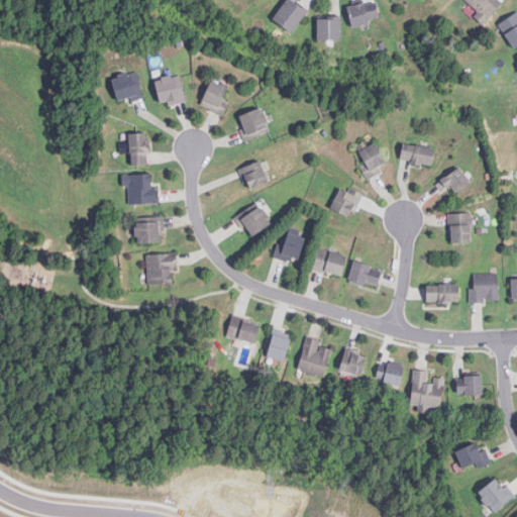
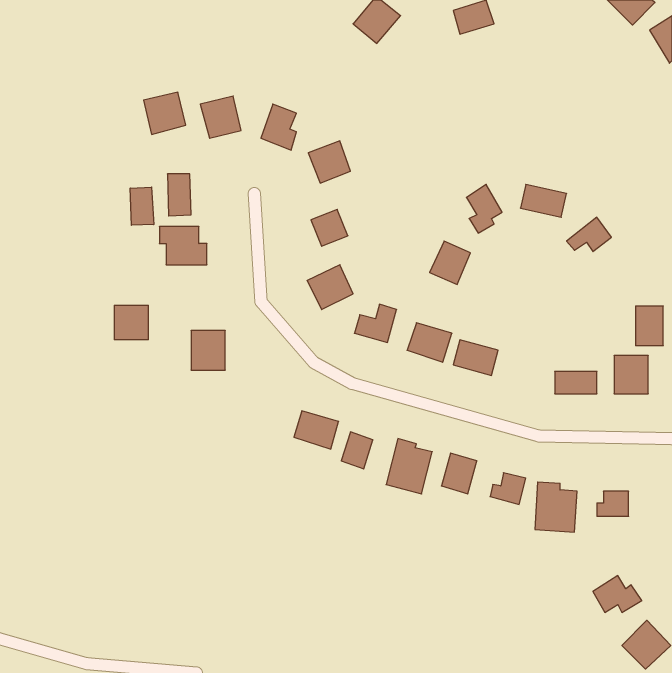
building: [316,17,340,40] -> none
building: none -> [130,187,154,225]
building: [449,213,471,243] -> [636,306,663,346]
building: [135,217,162,243] -> [114,305,148,340]

